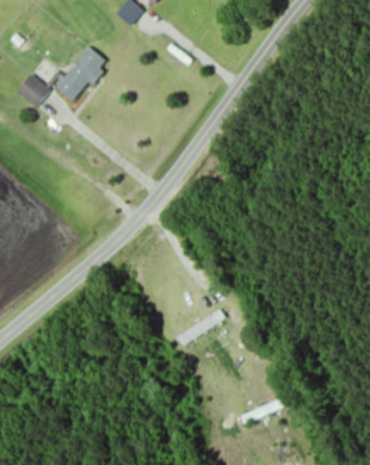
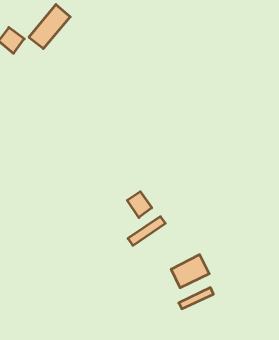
building: none -> [127,192,152,218]
building: none -> [171,255,209,288]

